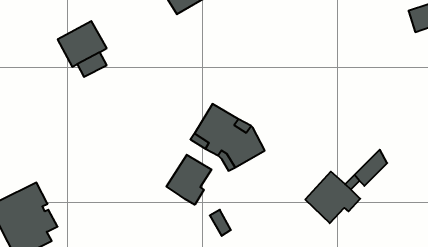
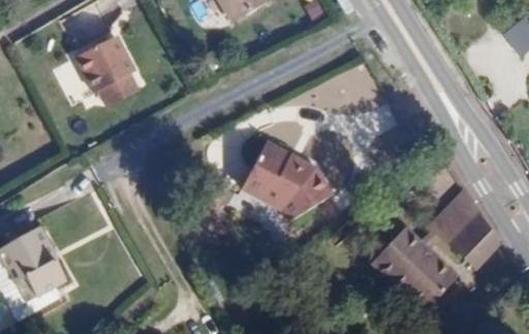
building: [166,155,211,205] -> none
building: none -> [447,209,494,260]
building: none -> [405,252,459,302]

